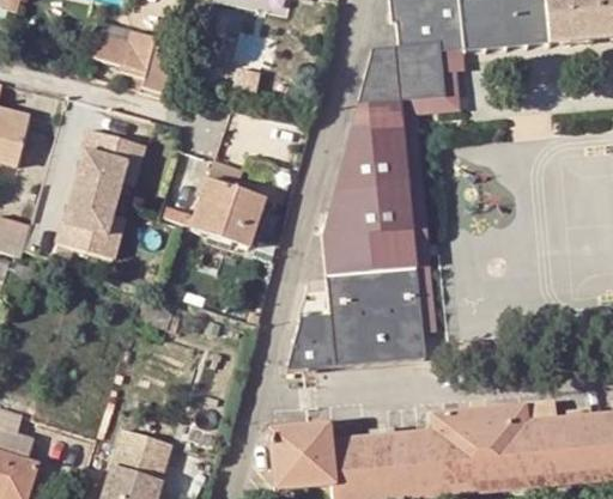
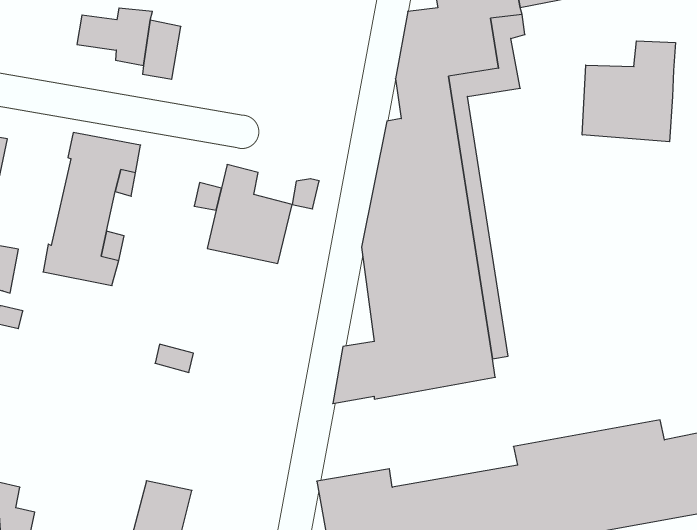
building: none -> [582,41,675,142]

